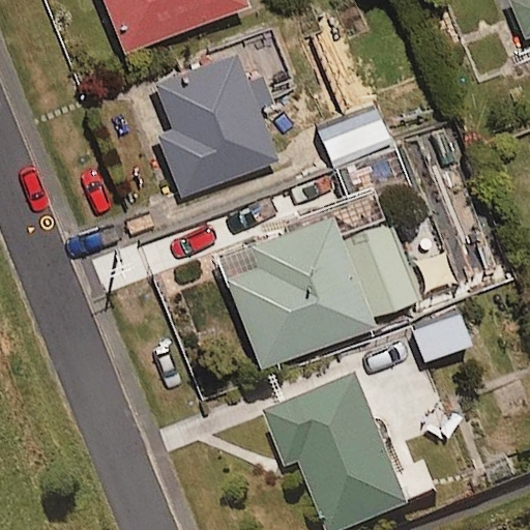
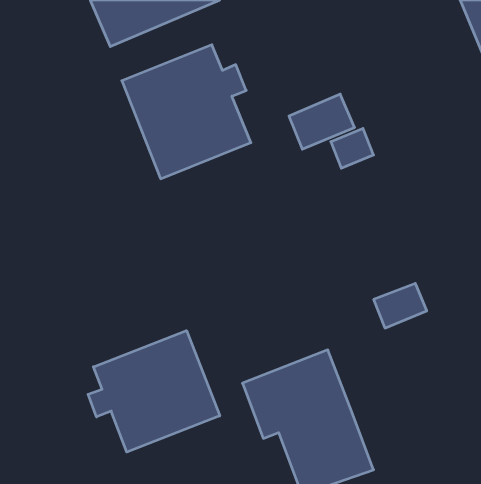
building: [219,211,420,365] -> none
building: none -> [88,331,220,452]

